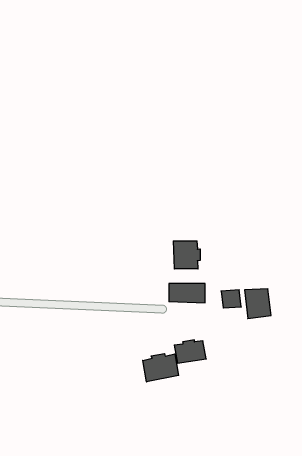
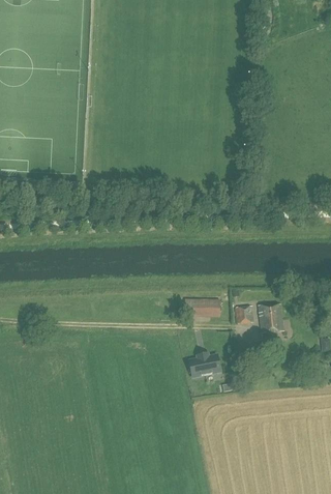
building: [173,241,200,269] -> none
building: [143,354,179,382] -> none

